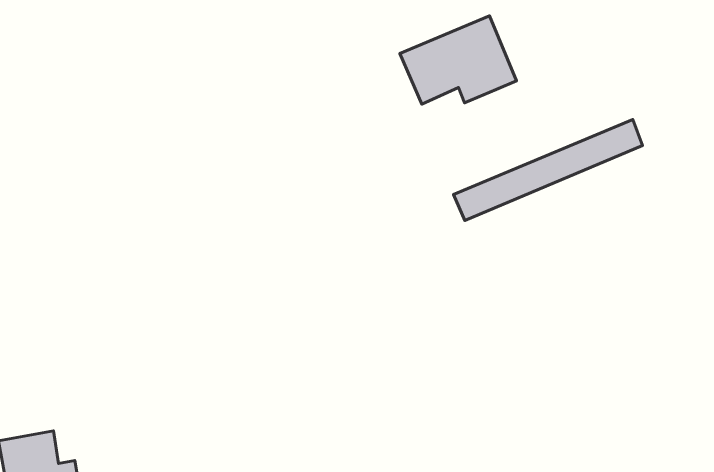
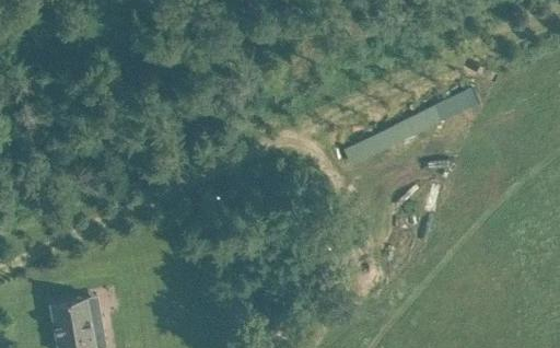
building: [400,16,517,104] -> none

